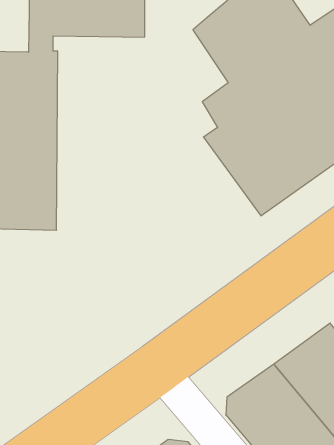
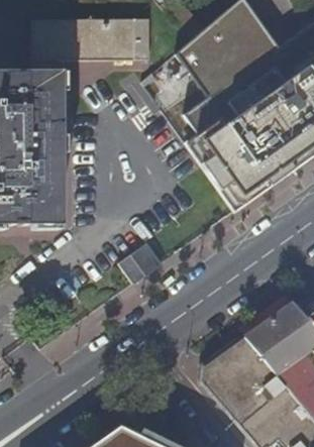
building: none -> [122,242,165,283]

